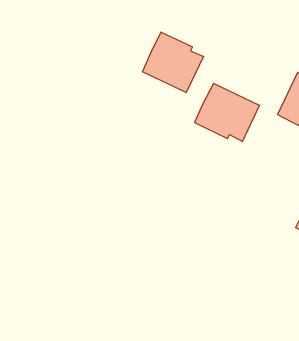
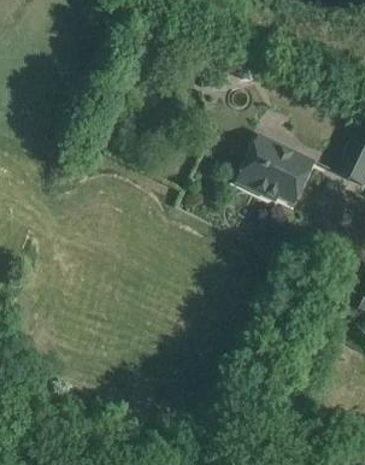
building: [143,32,204,93] -> none

